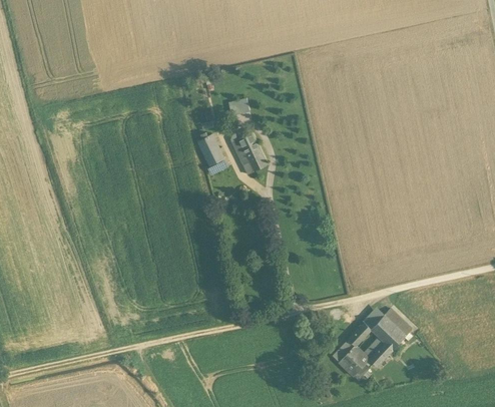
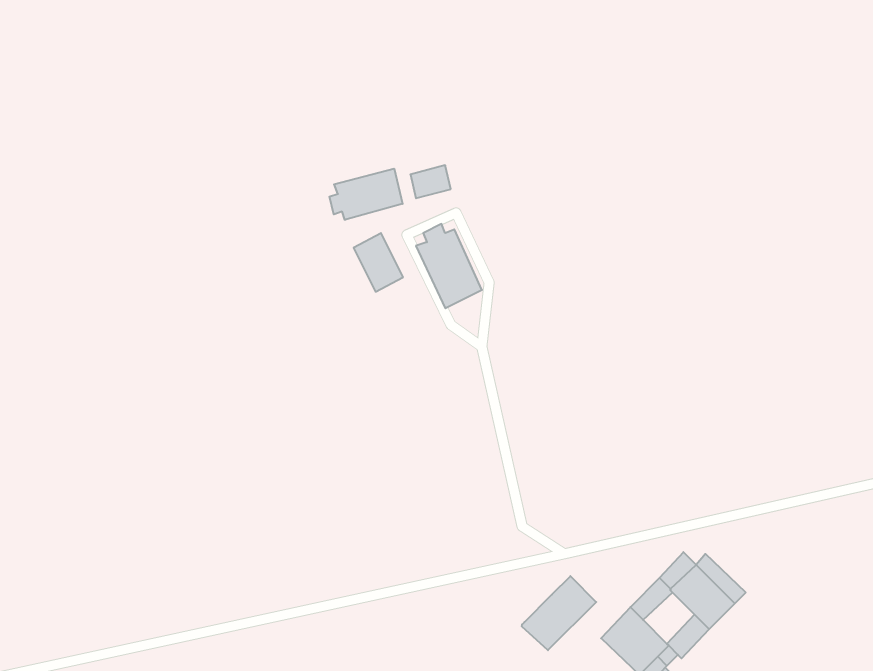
building: none -> [329,169,403,220]
building: none -> [522,576,596,650]

